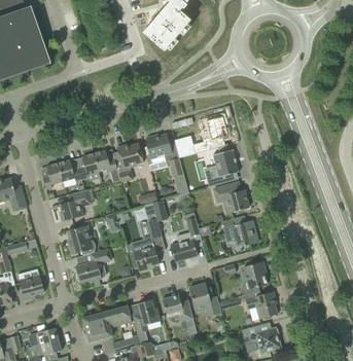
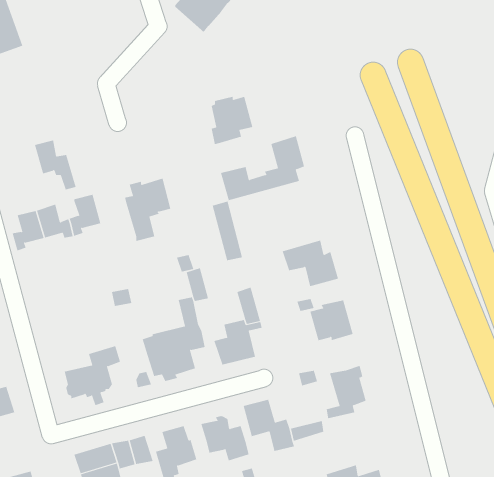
building: [145,133,172,164] -> [211,96,253,145]
building: [211,148,239,184] -> none
building: [94,149,120,181] -> [34,140,77,190]
building: [60,188,92,220] -> none
building: [67,224,96,254] -> none
building: [245,292,277,318] -> none

